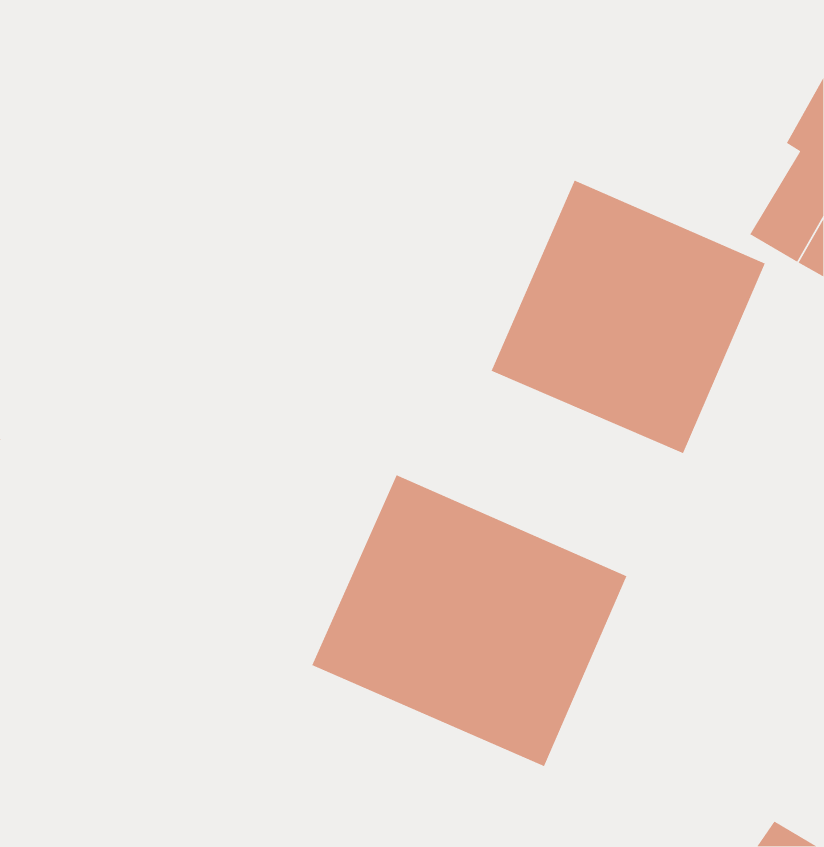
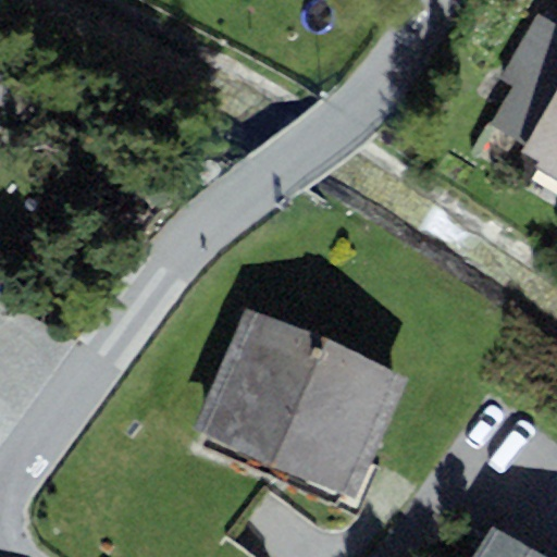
building: [491,180,766,454] -> none

